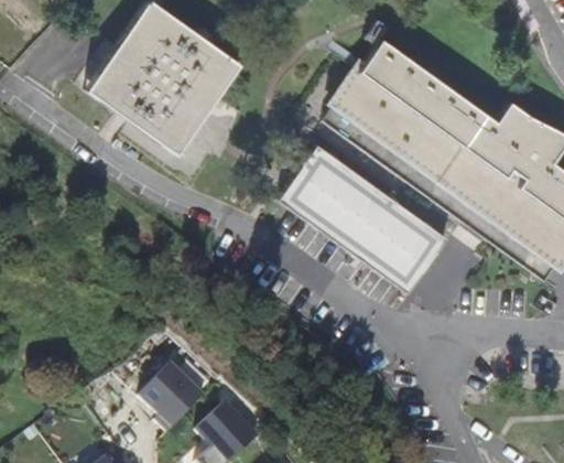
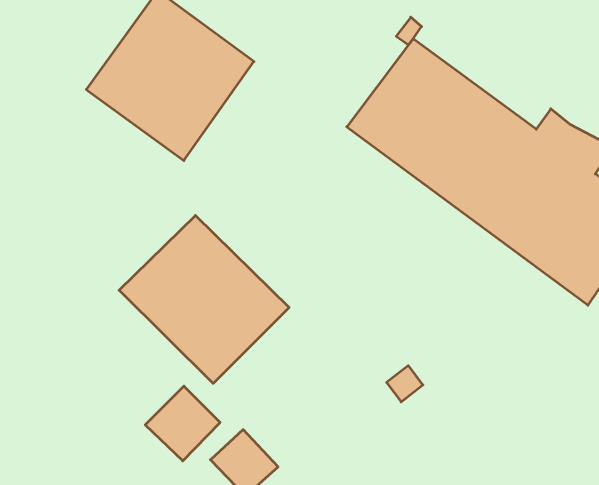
building: [276,143,447,294] -> none
building: none -> [119,215,289,383]

